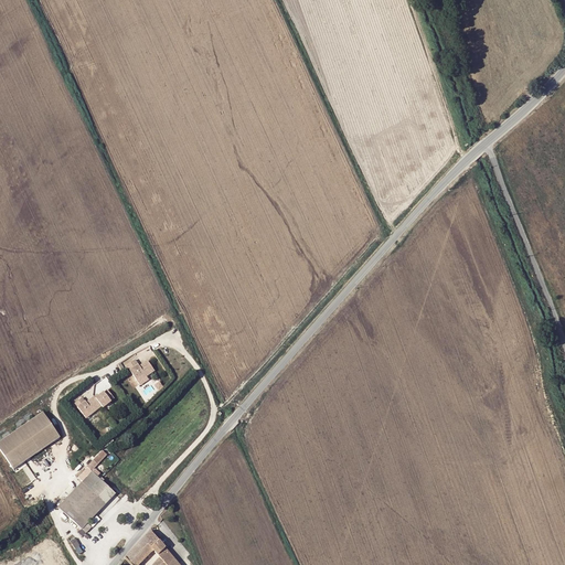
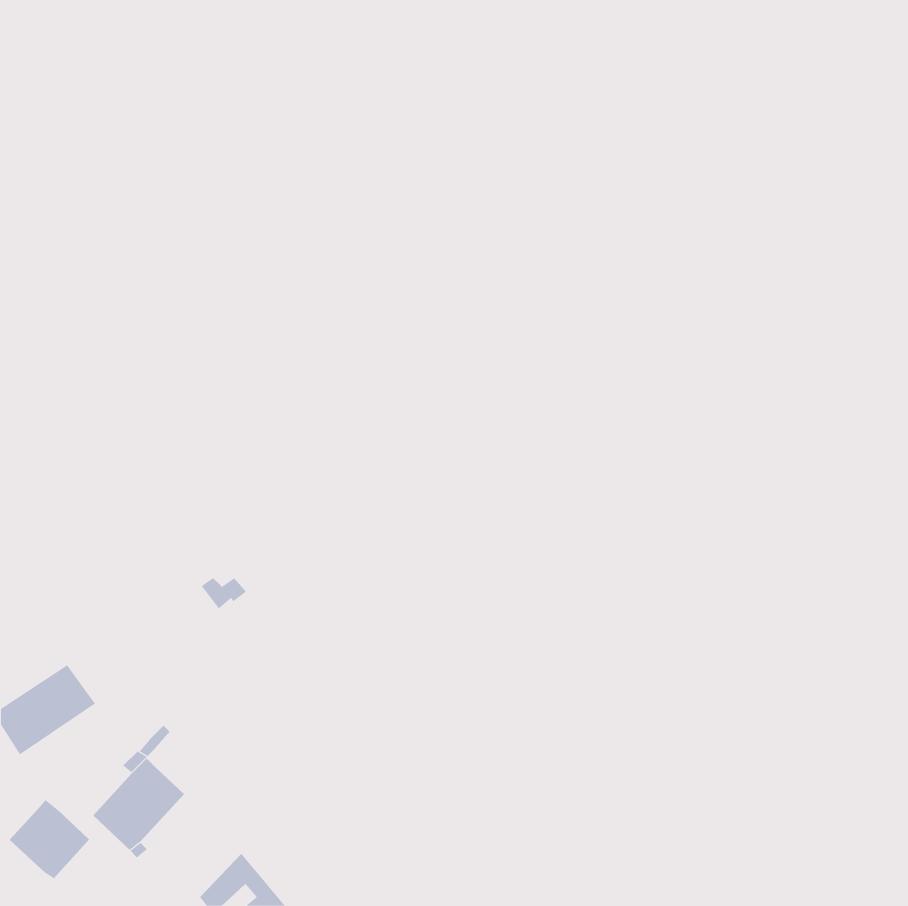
building: [74,390,114,418] -> none
building: none -> [9,799,90,879]

